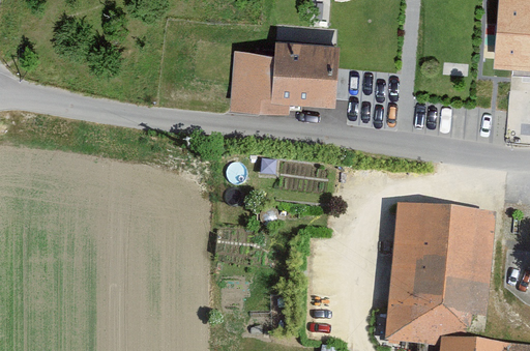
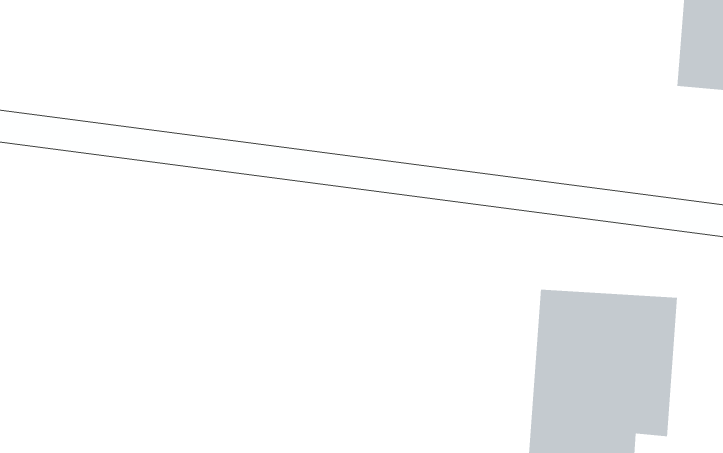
building: [229,41,334,115] -> none

